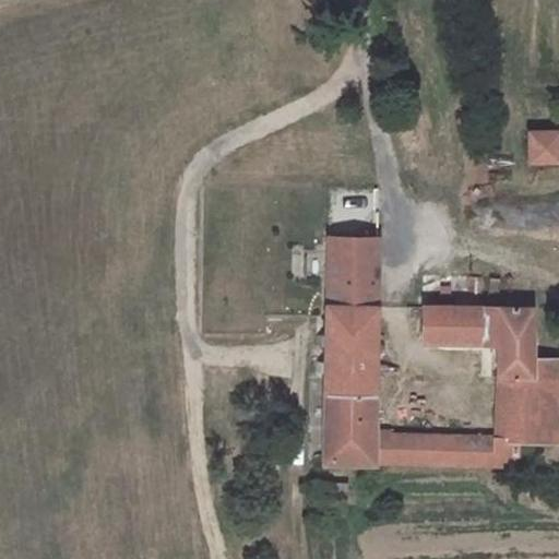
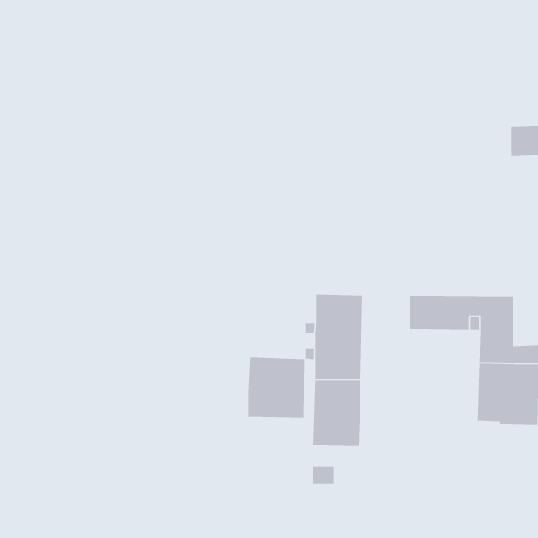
building: [328,238,378,307] -> none
building: none -> [248,356,305,419]
building: [373,435,518,467] -> none

